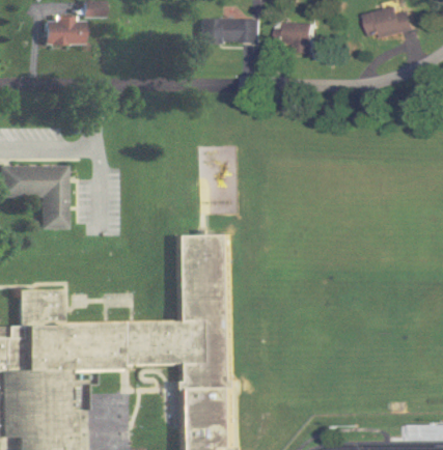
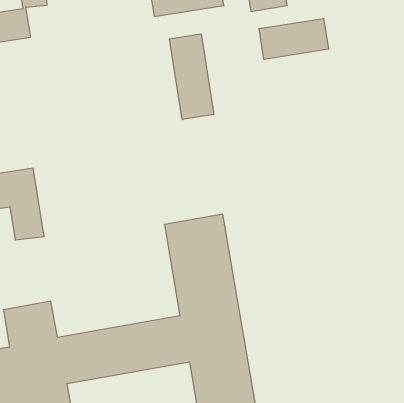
building: none -> [170,34,214,120]
building: none -> [259,18,328,59]

